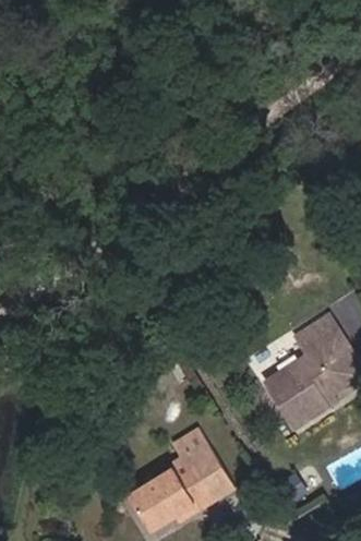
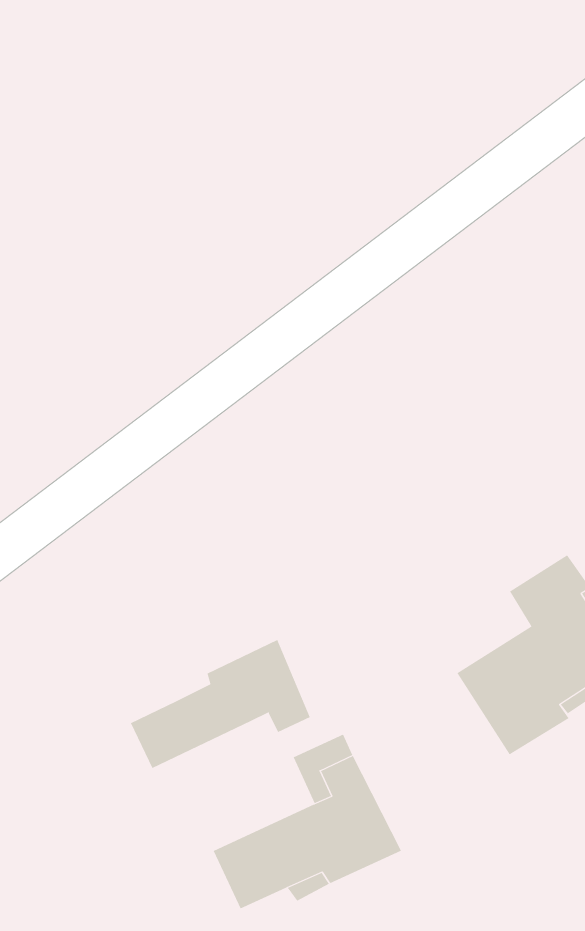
building: none -> [130,639,311,769]

